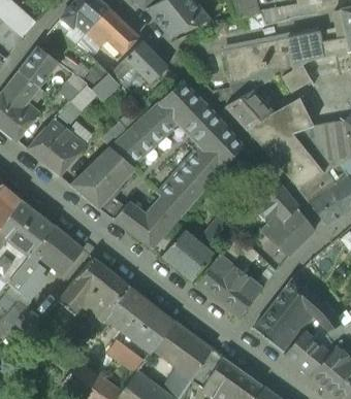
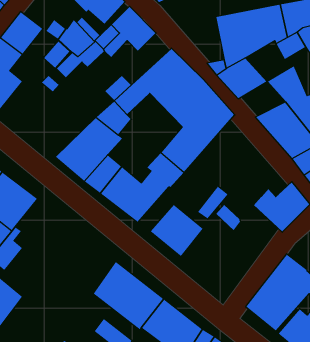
building: [247,112,292,146] -> none
building: [27,118,86,175] -> none
building: [255,186,298,223] -> none
building: [33,225,84,274] -> none
building: [195,254,264,318] -> none
building: [58,257,129,319] -> none

